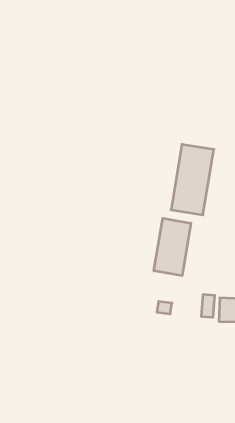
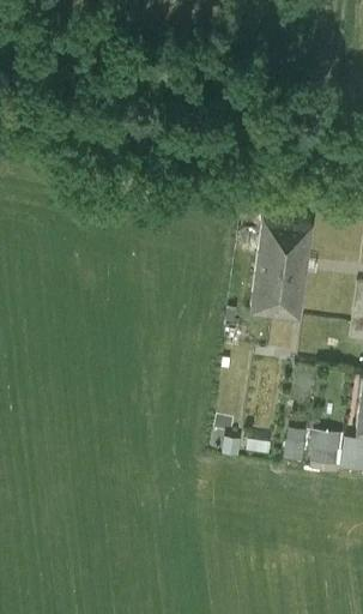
building: [154,218,191,276] -> none

